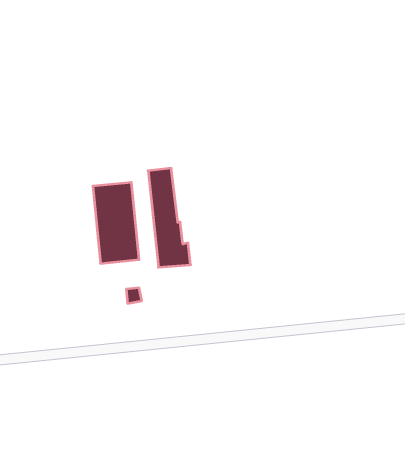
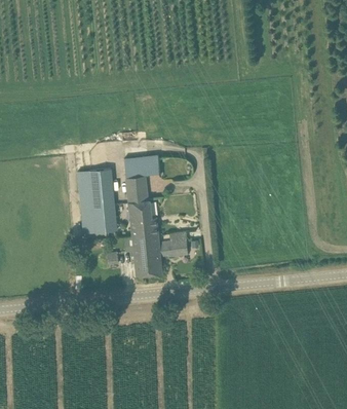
building: none -> [132,233,188,276]

